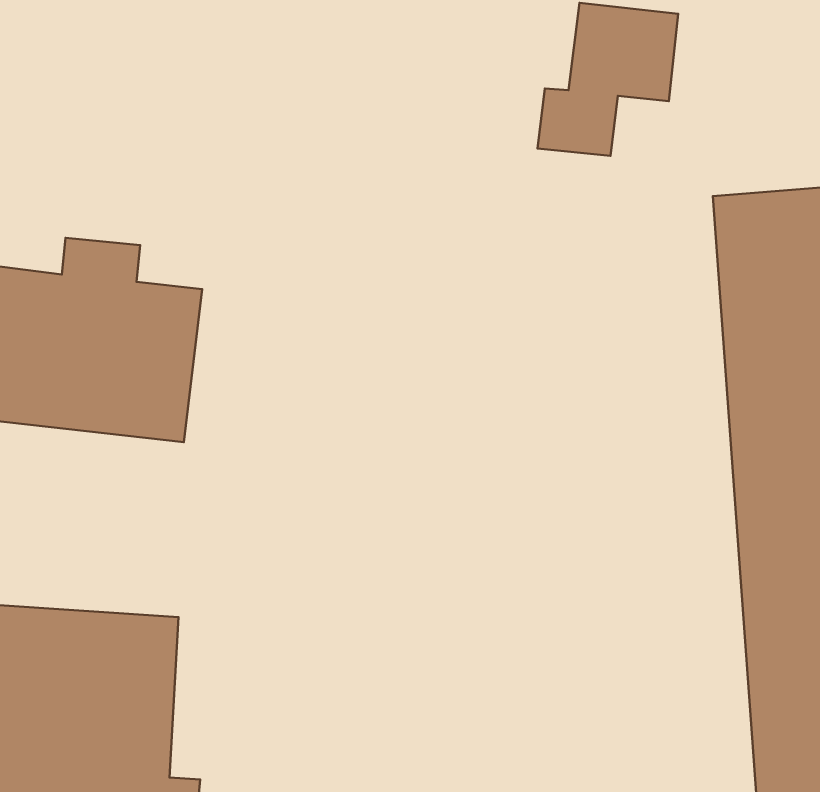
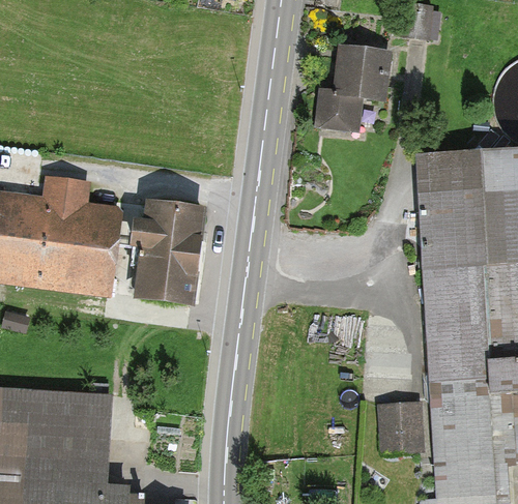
building: none -> [132,200,204,304]
building: none -> [377,398,425,453]

